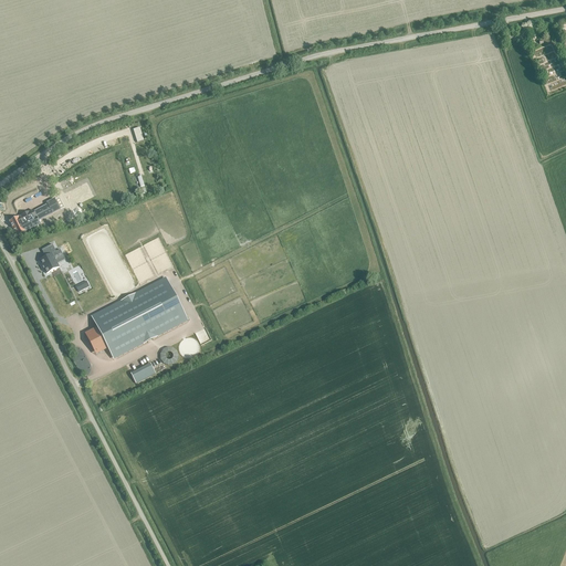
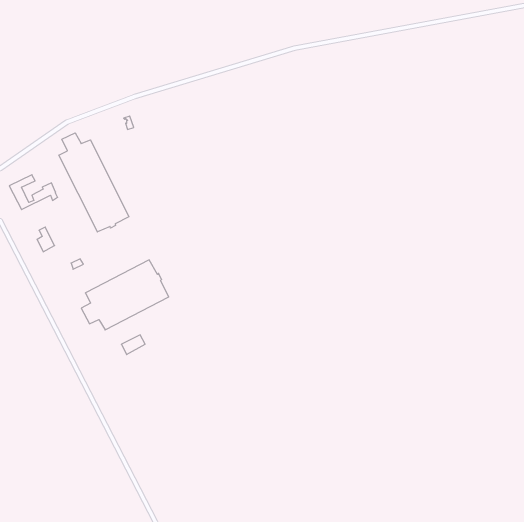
building: none -> [59,133,129,232]

